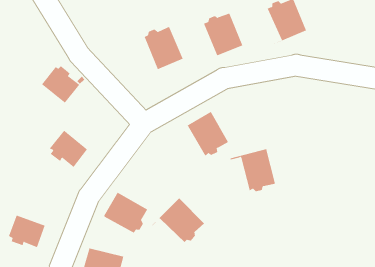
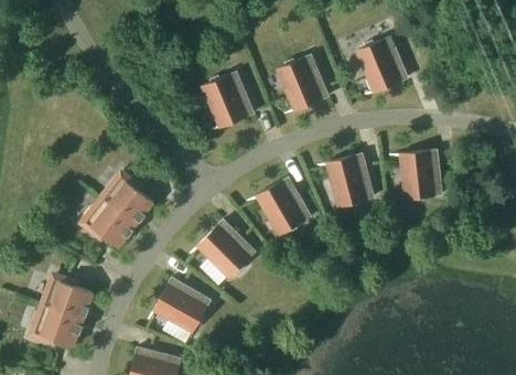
building: [41,65,80,104] -> [105,178,153,225]
building: none -> [389,150,441,202]
building: [230,149,276,192] -> [315,153,373,207]
building: none -> [45,277,93,320]
building: [152,198,205,243] -> [189,219,255,276]

